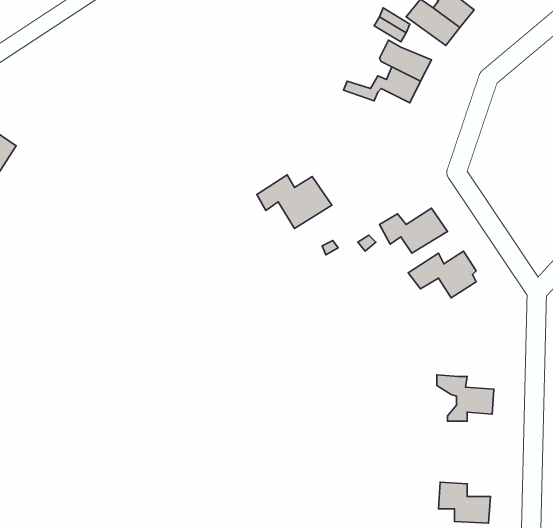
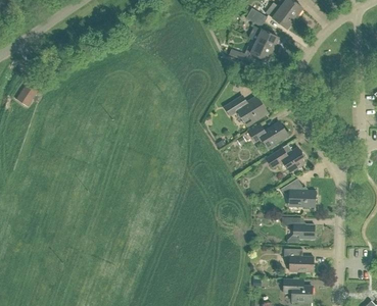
building: [257,175,332,229] -> [225,95,268,125]
building: none -> [281,177,316,206]
building: none -> [284,248,314,271]

